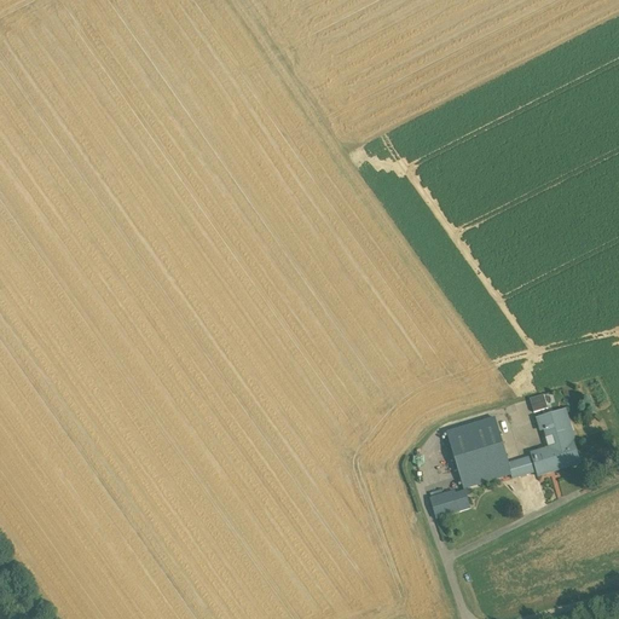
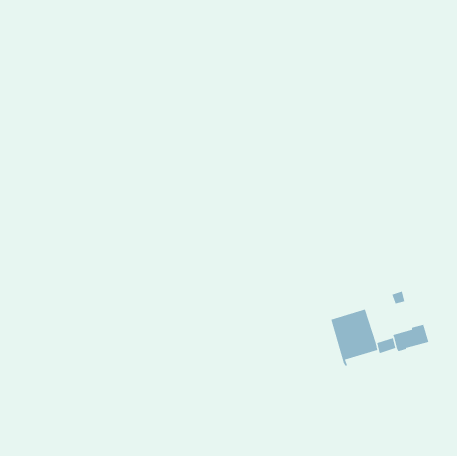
building: [537,409,572,441] -> none
building: [429,490,469,516] -> none

